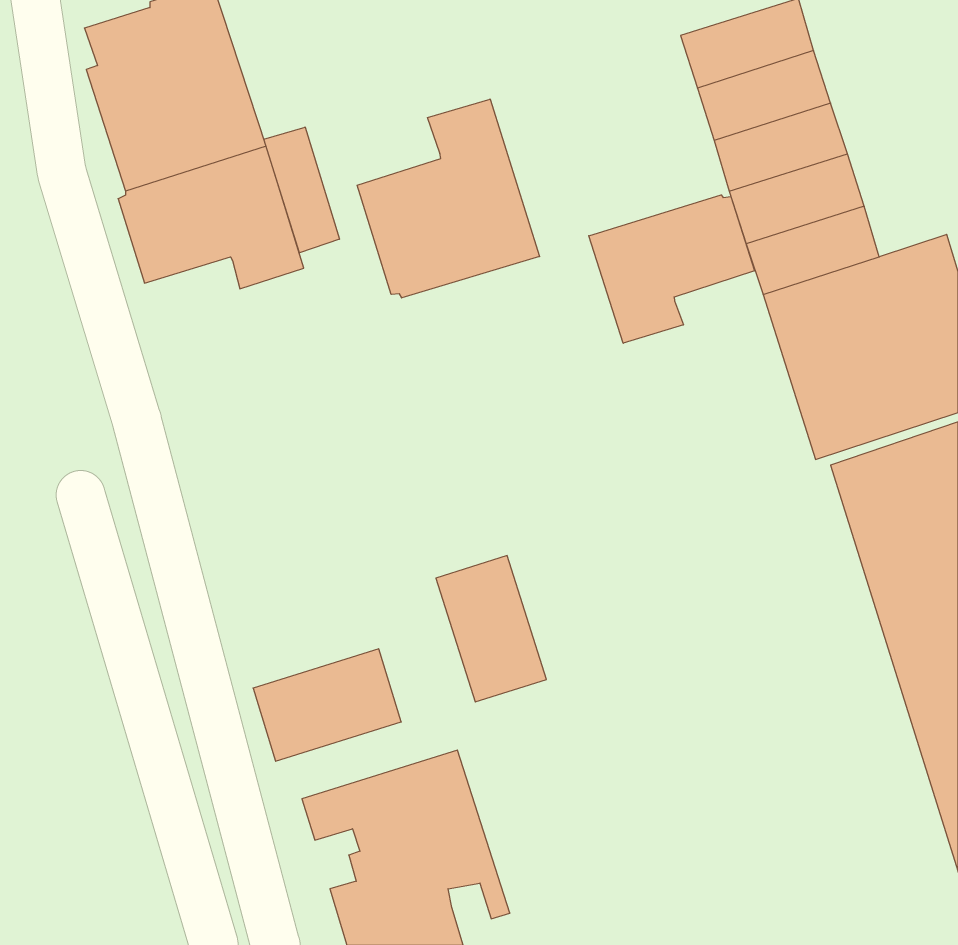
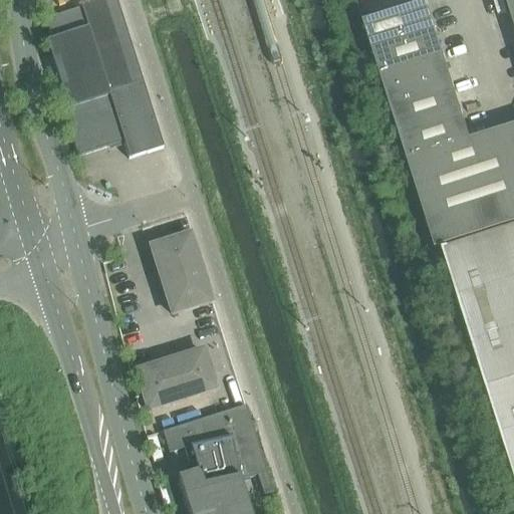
building: [357,99,540,298] -> none
building: [264,127,339,253] -> none
building: [589,195,755,343] -> none
building: [436,556,546,702] -> [152,232,211,310]

